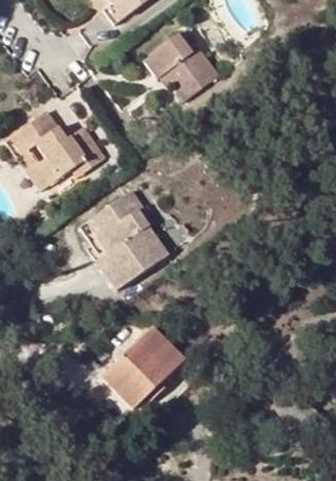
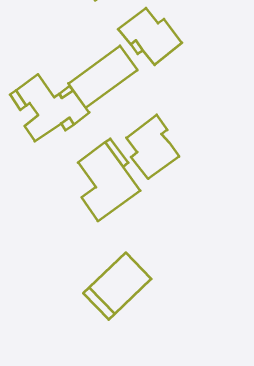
building: none -> [68,46,137,108]
building: none -> [126,115,179,179]

